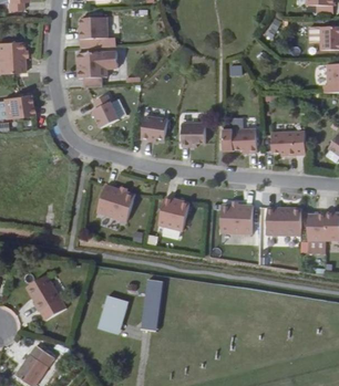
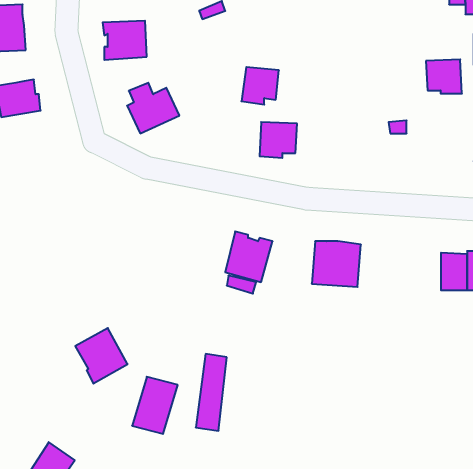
building: [143,116,168,142] -> [241,67,279,105]
building: [236,127,259,150] -> none
building: [273,131,297,154] -> [426,59,462,94]
building: [97,185,137,222] -> none
building: [267,204,287,231] -> none
building: [25,273,61,311] -> [75,328,128,384]

